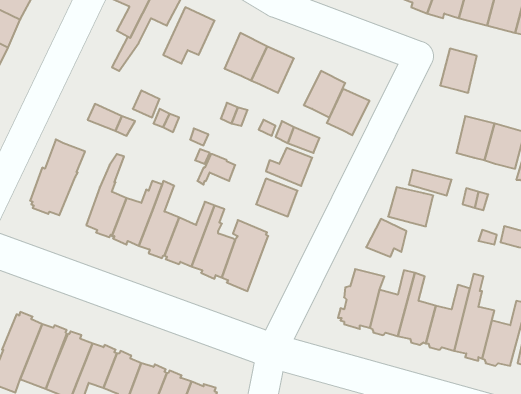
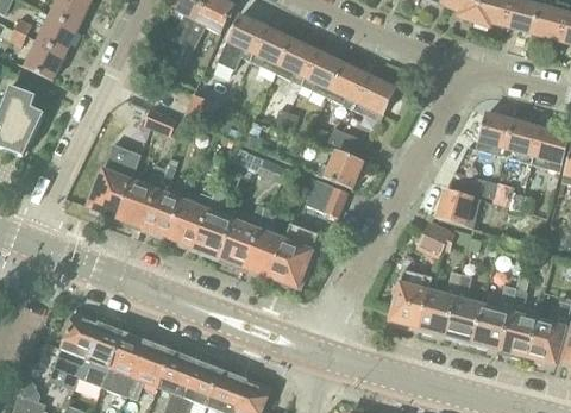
building: none -> [252,27,293,74]
building: [440,49,477,93] -> [476,113,512,156]
building: [327,89,370,135] -> [330,64,371,109]
building: none -> [117,163,165,226]

